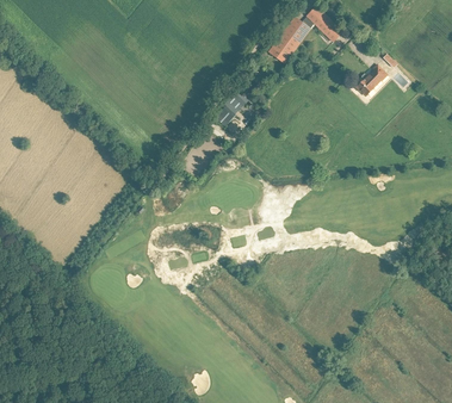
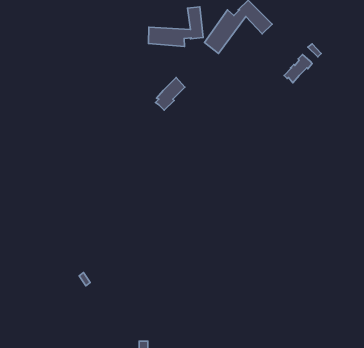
building: none -> [149,7,203,46]

